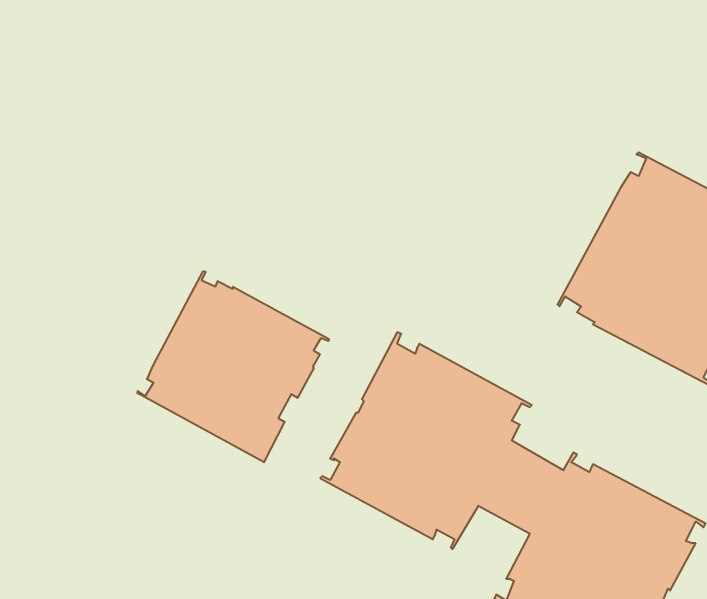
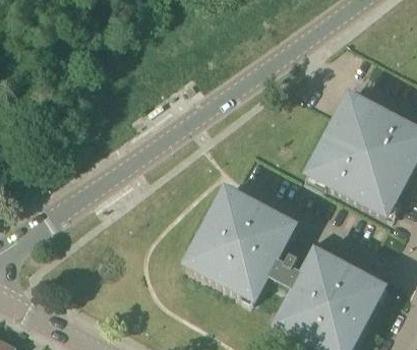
building: [137,271,329,462] -> none

